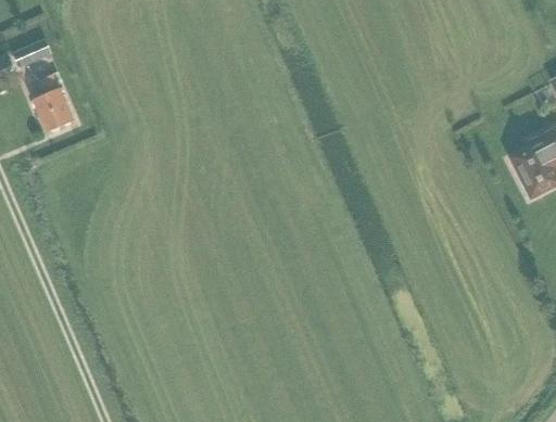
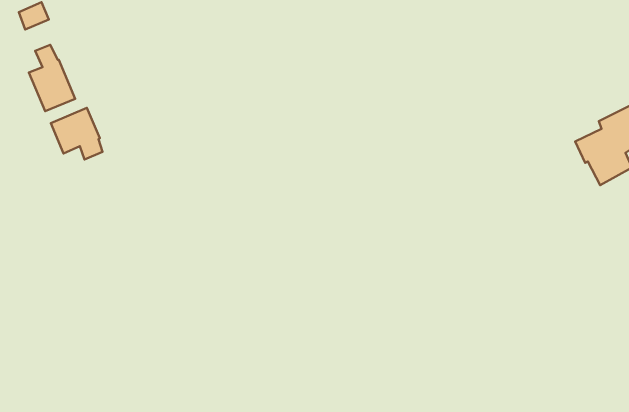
building: none -> [51,108,102,159]

